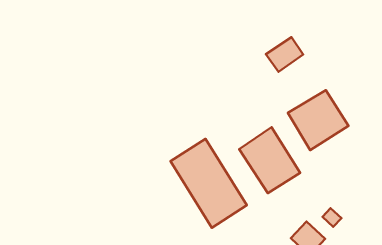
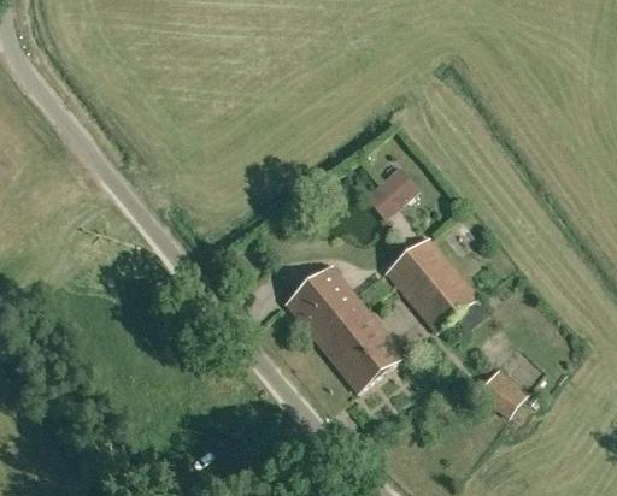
building: [266,37,303,72] -> [363,165,418,219]
building: [288,90,348,150] -> none

